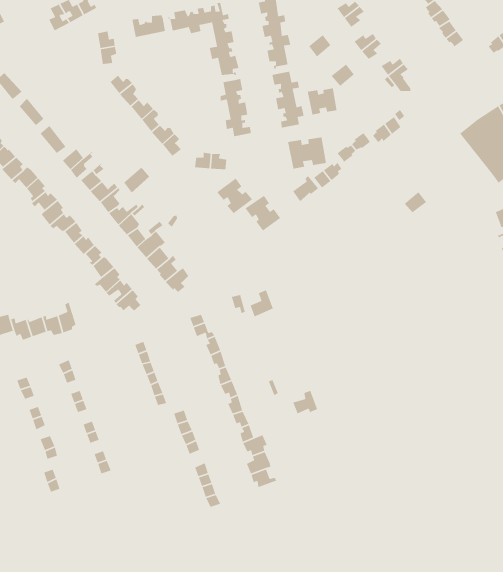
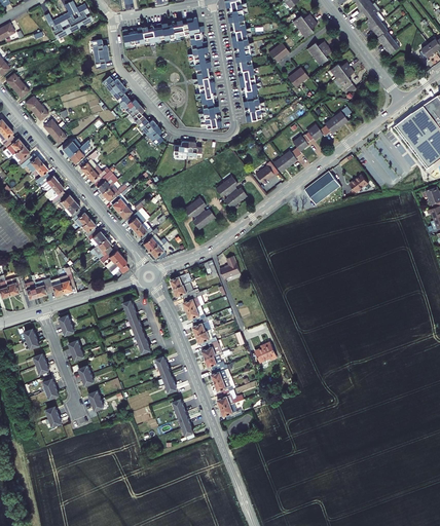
building: [307,88,338,115] -> none
building: [287,137,327,169] -> none
building: [216,177,253,214] -> [183,197,214,228]
building: none -> [303,171,340,204]

